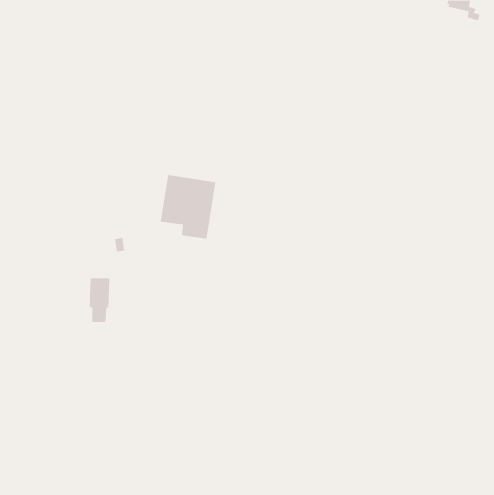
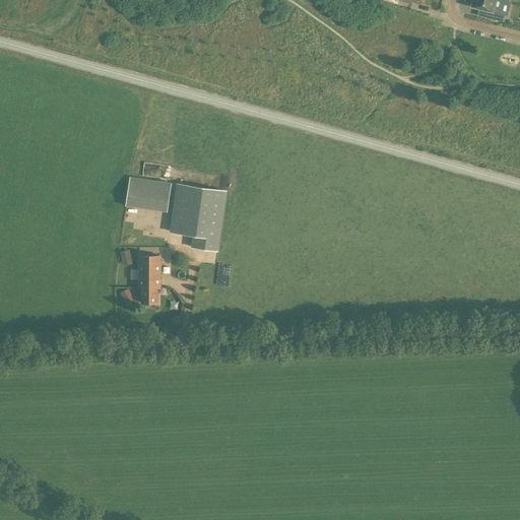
building: none -> [124,178,169,212]
building: [89,278,110,322] -> [137,256,159,303]

